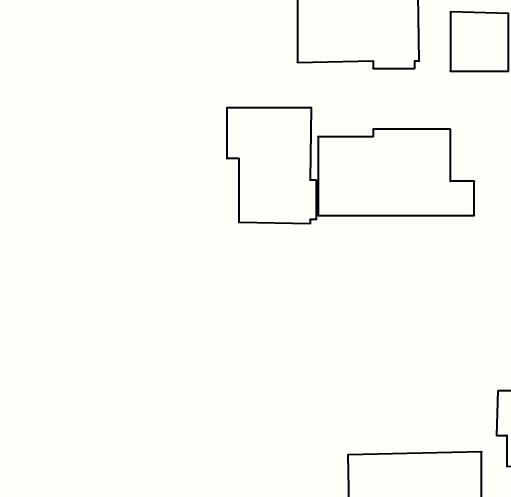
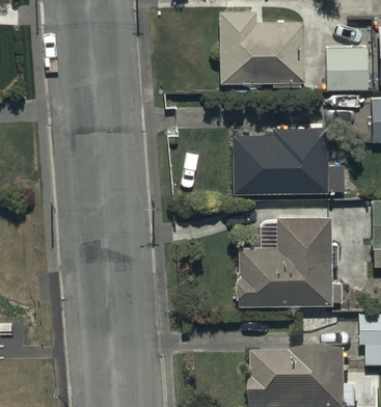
building: [227,108,316,224] -> none
building: none -> [237,216,344,304]

